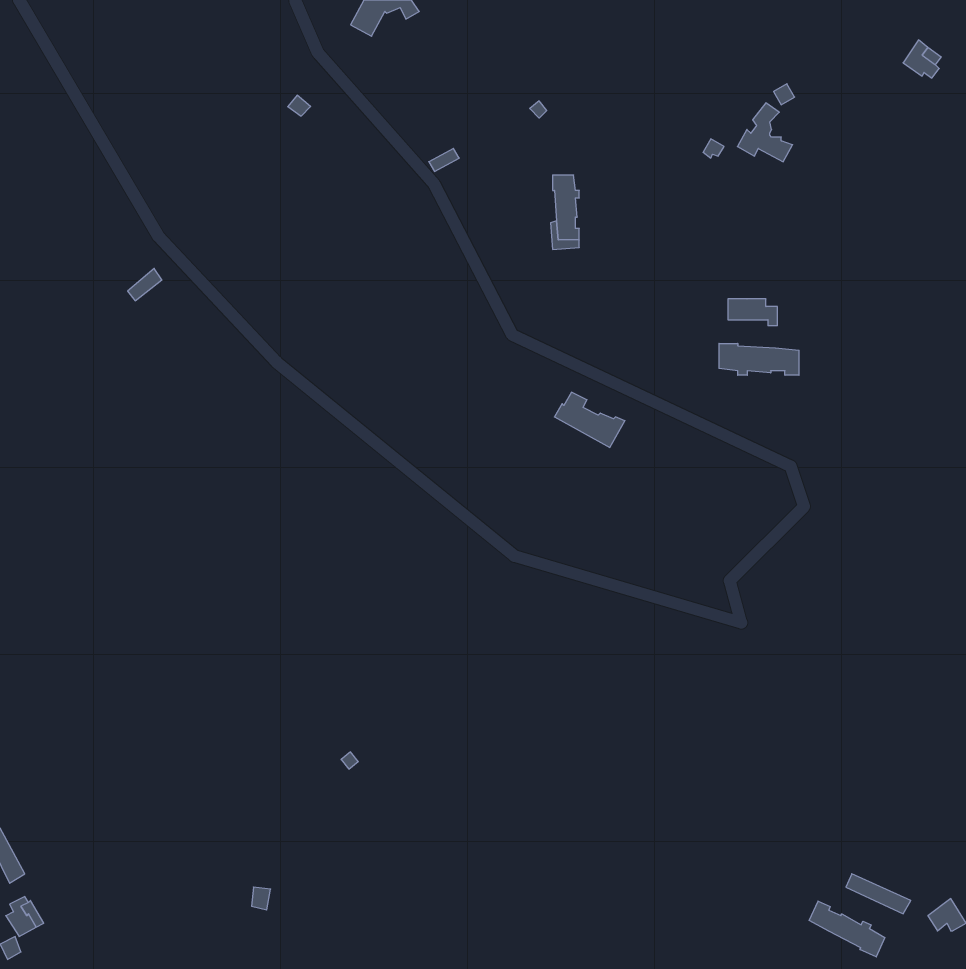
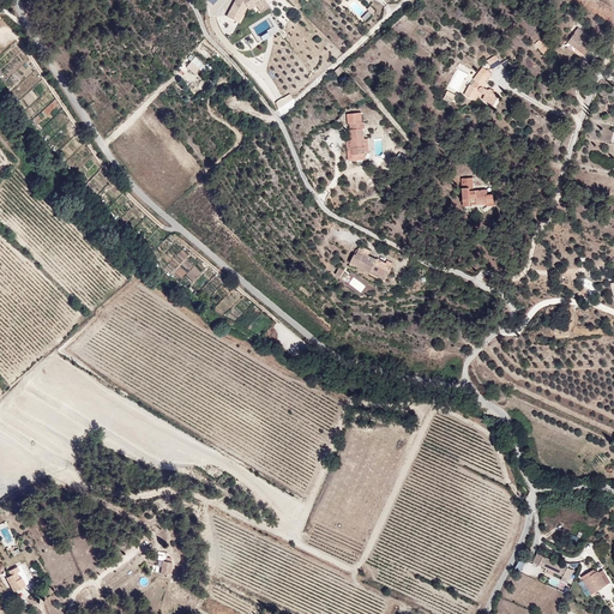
building: [719,343,799,375] -> none
building: [809,901,885,957] -> none

